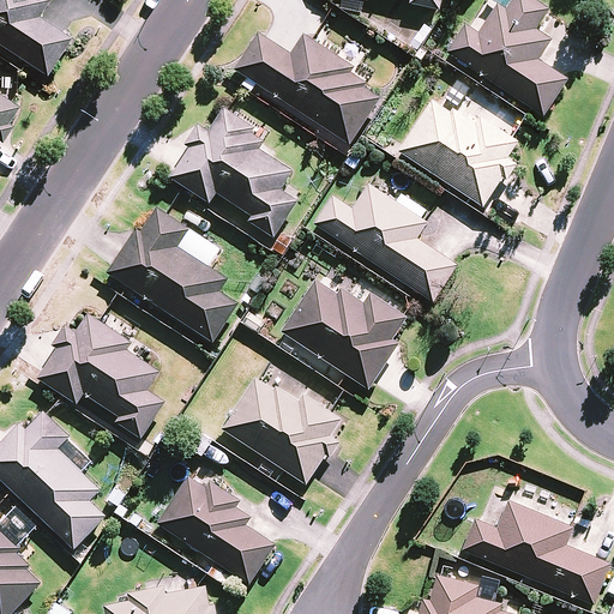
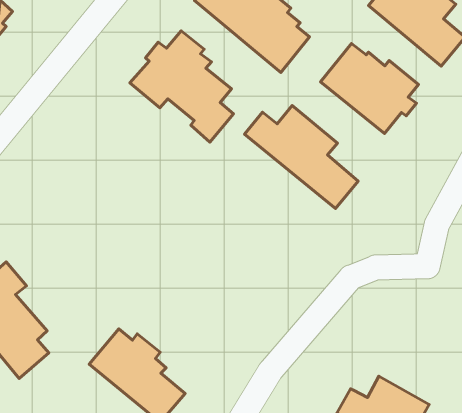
building: [107,207,237,342] -> none
building: [281,281,405,389] -> none
building: [37,312,164,438] -> none
building: [221,378,339,483] -> none

